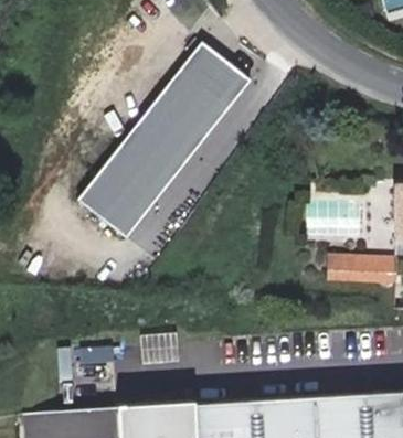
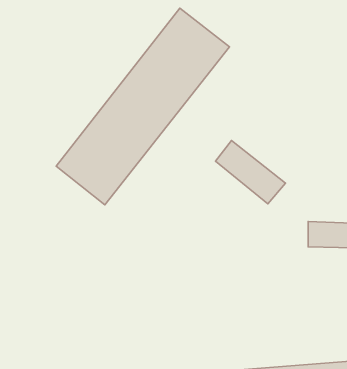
building: none -> [216,140,286,204]

